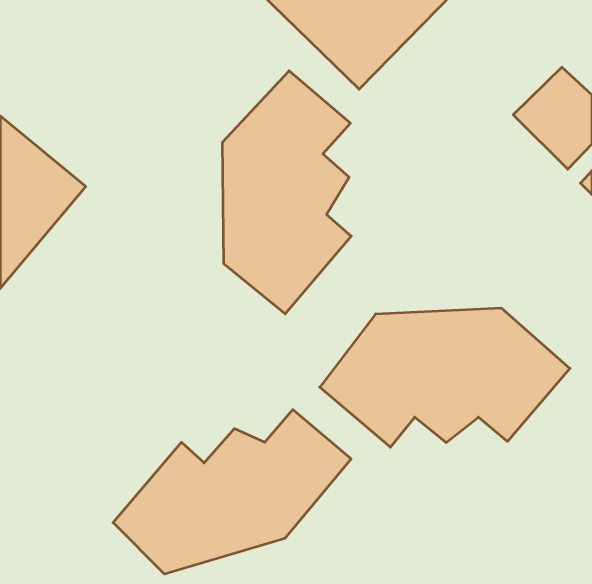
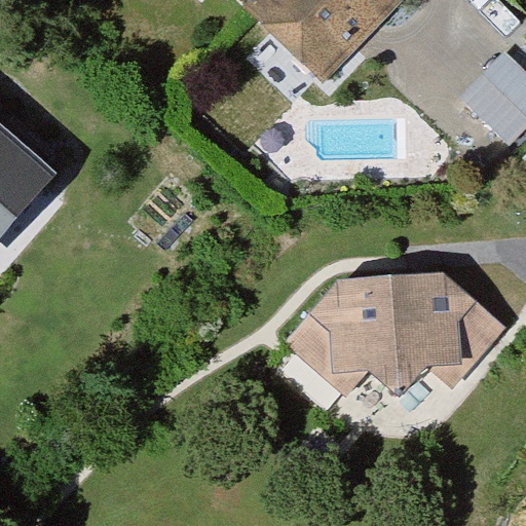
building: [223,71,351,314] -> none
building: [113,410,351,574] -> none

